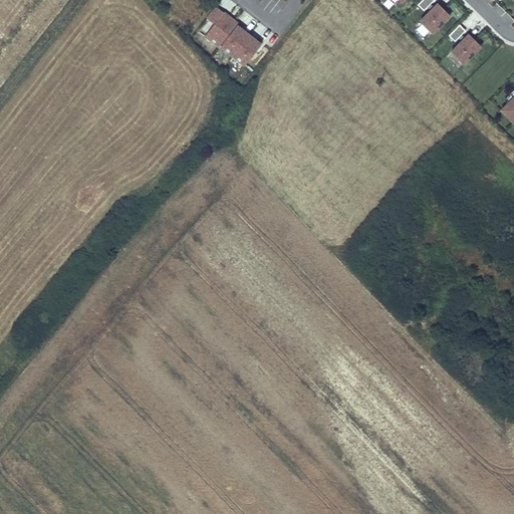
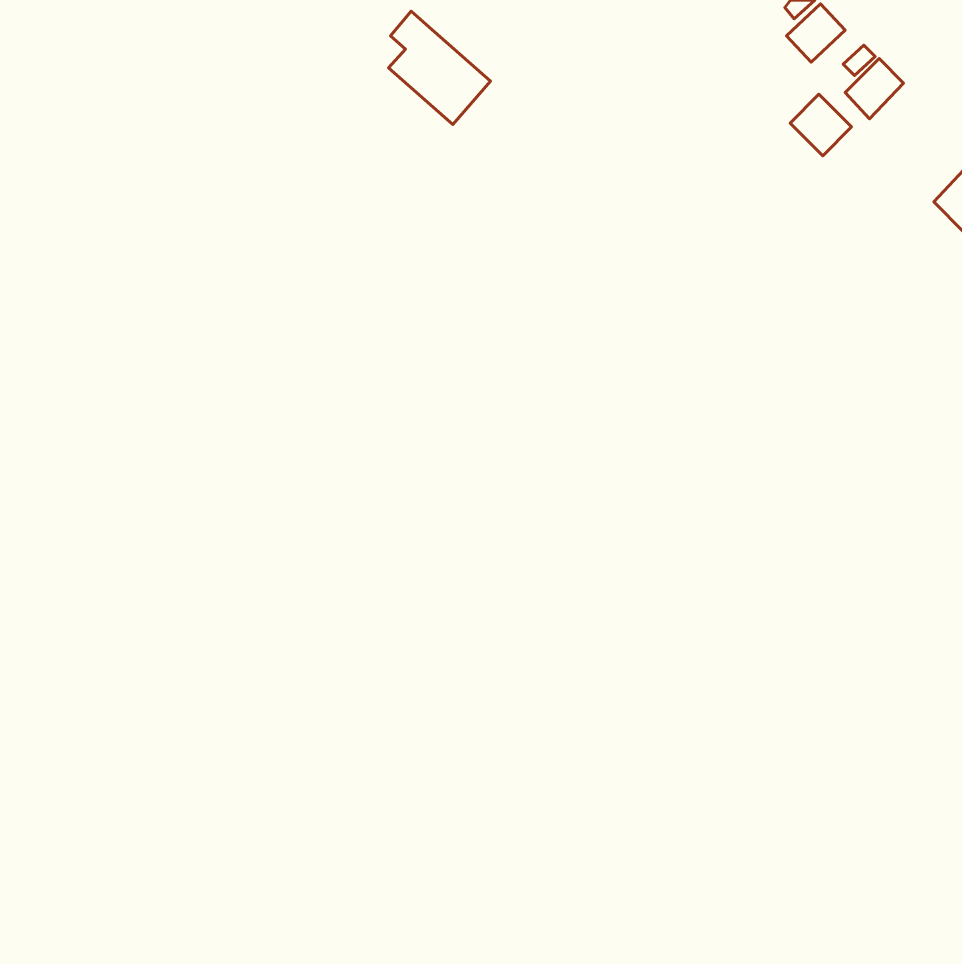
building: none -> [790,94,852,156]

